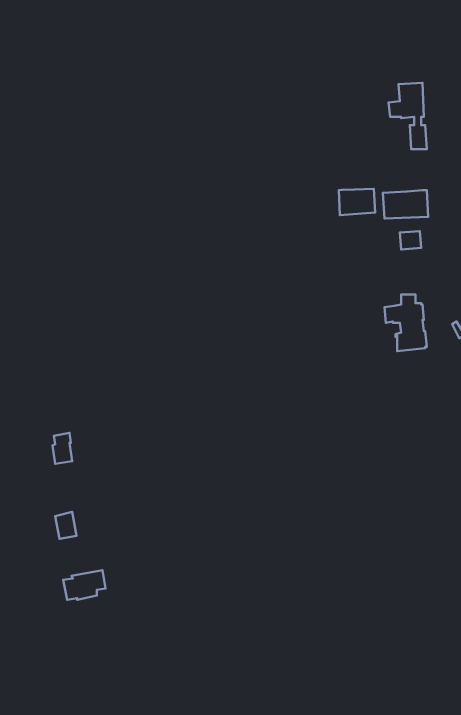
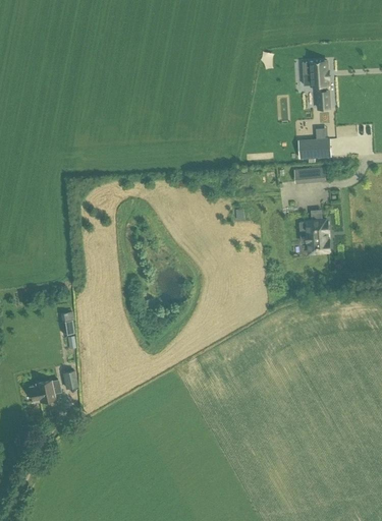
building: [339,189,375,215] -> none
building: [63,570,105,600] -> [30,380,60,401]

